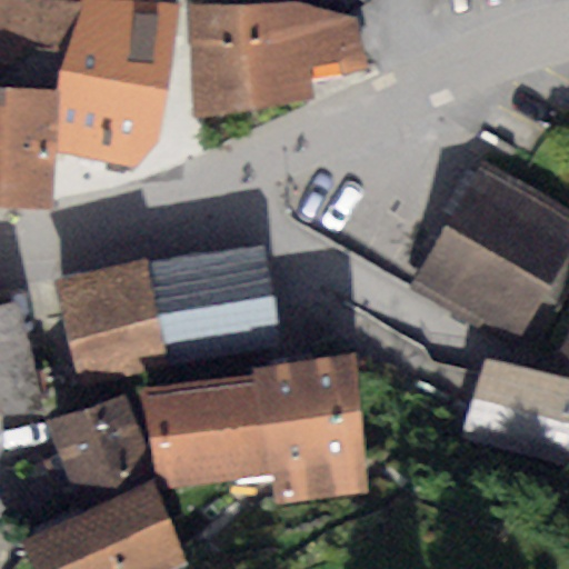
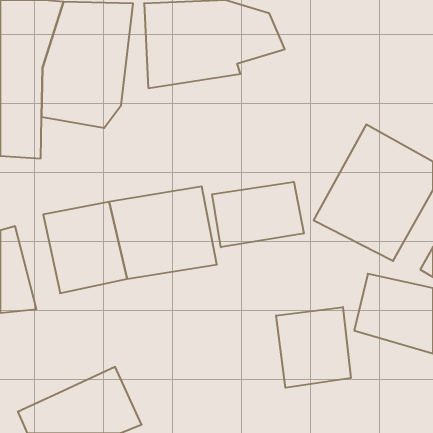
building: none -> [212,182,304,247]
building: [147,351,369,506] -> none
building: [46,398,151,516] -> none
building: none -> [276,307,351,388]

